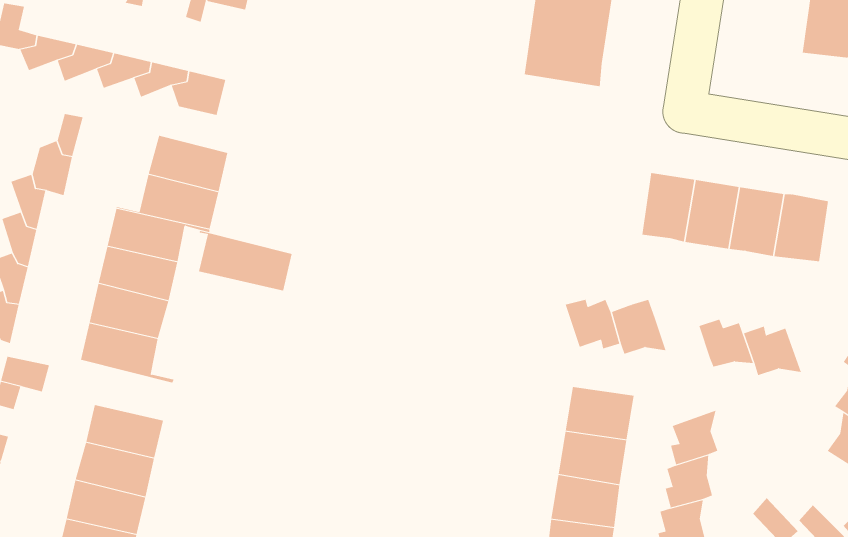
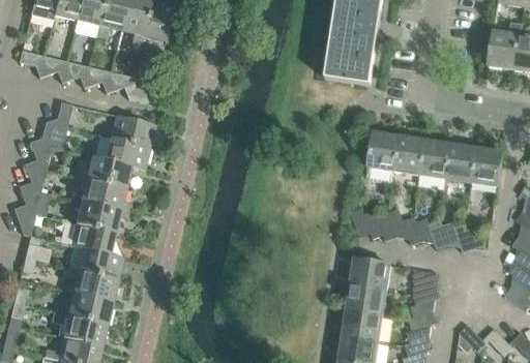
building: none -> [366,131,400,184]
building: [198,231,293,291] -> [67,244,122,279]
building: none -> [403,217,434,244]

